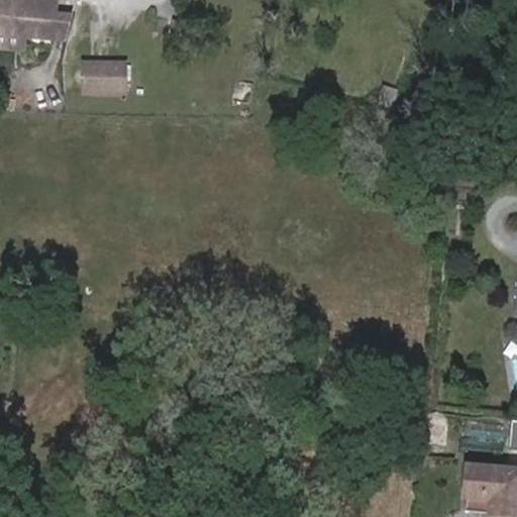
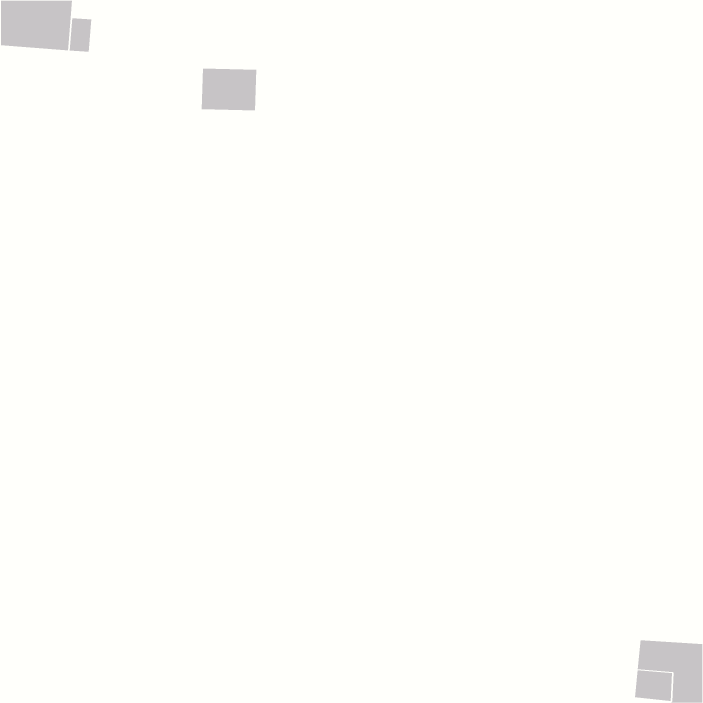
building: [85,60,126,91] -> [201,68,257,111]

